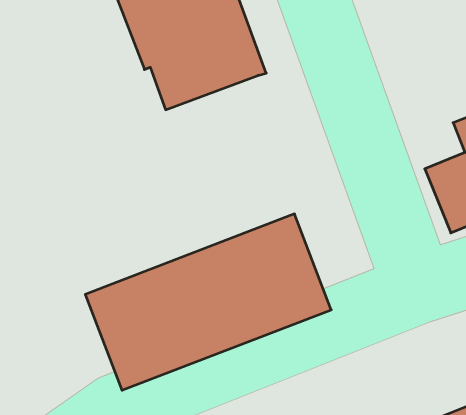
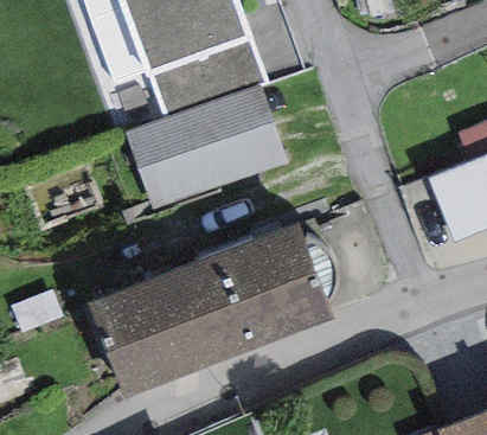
building: none -> [126,84,288,210]

